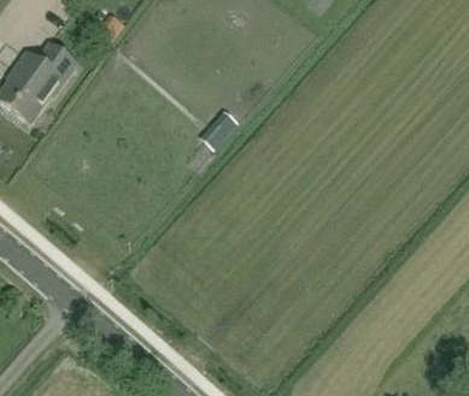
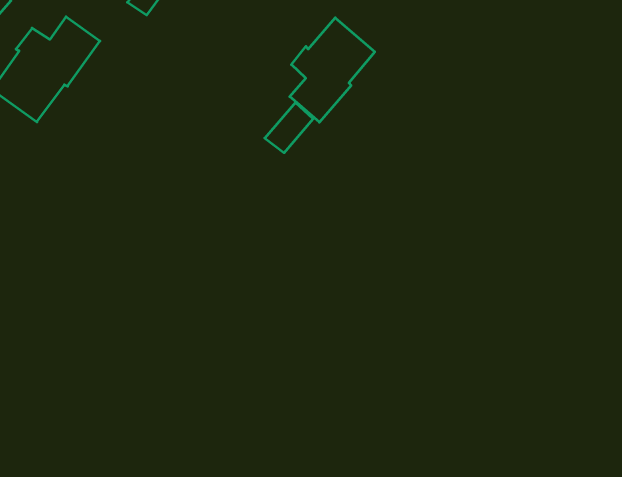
building: none -> [290,18,375,122]

